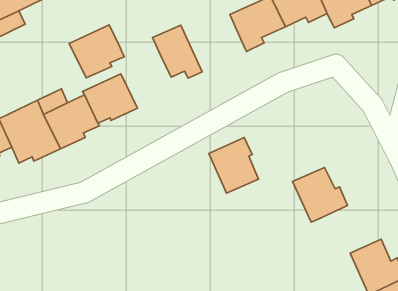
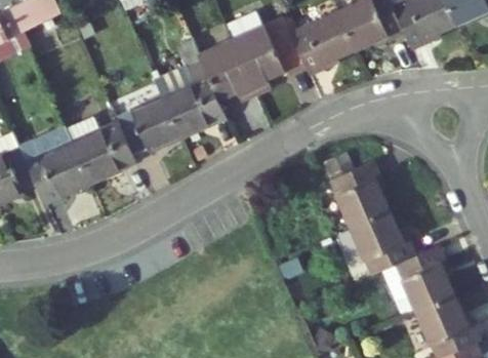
building: none -> [218,24,292,102]
building: [69,25,124,78] -> [149,82,212,144]
building: [209,138,258,193] -> [327,164,384,229]
building: none -> [376,245,450,320]

